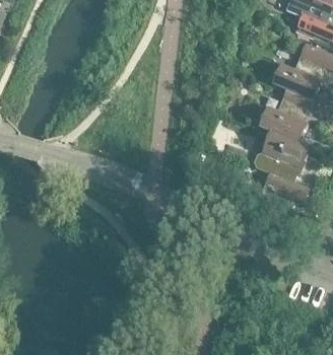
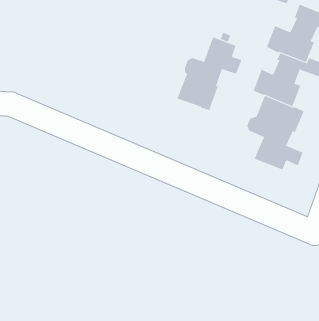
building: none -> [176,36,242,111]

